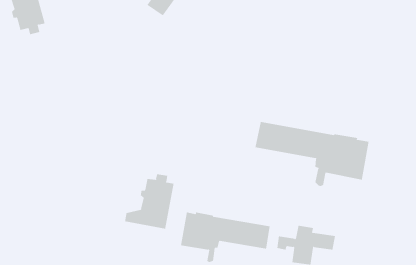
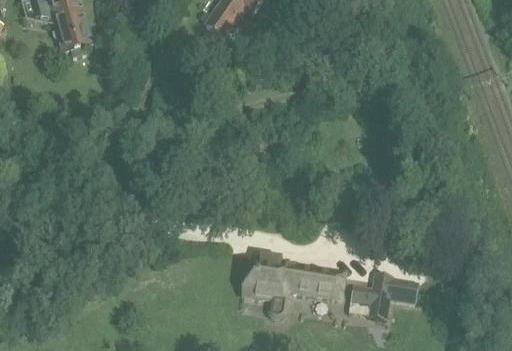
building: [255,121,369,187] -> none
building: [125,173,174,229] -> none

